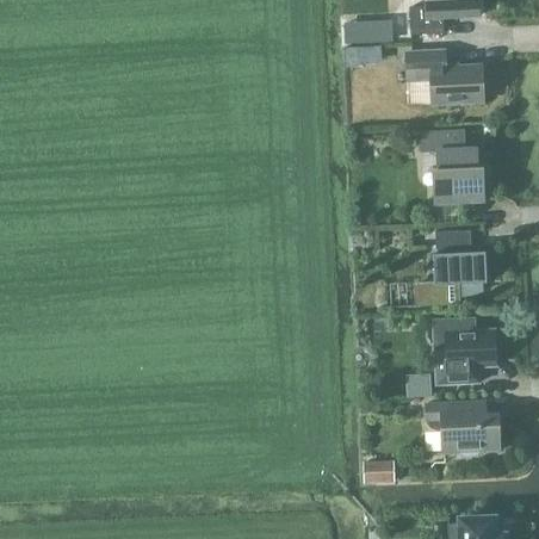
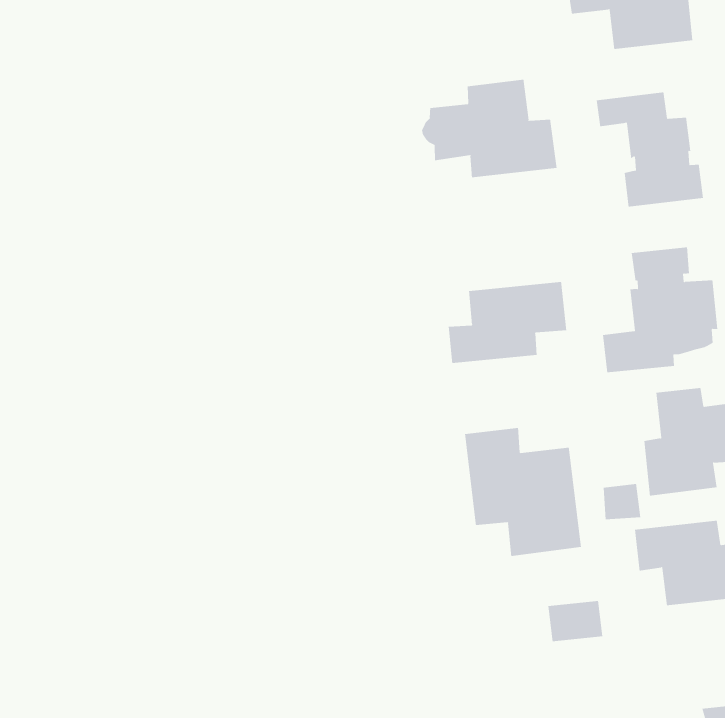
building: none -> [422,79,557,178]
building: none -> [448,281,567,364]
building: none -> [465,427,582,557]

